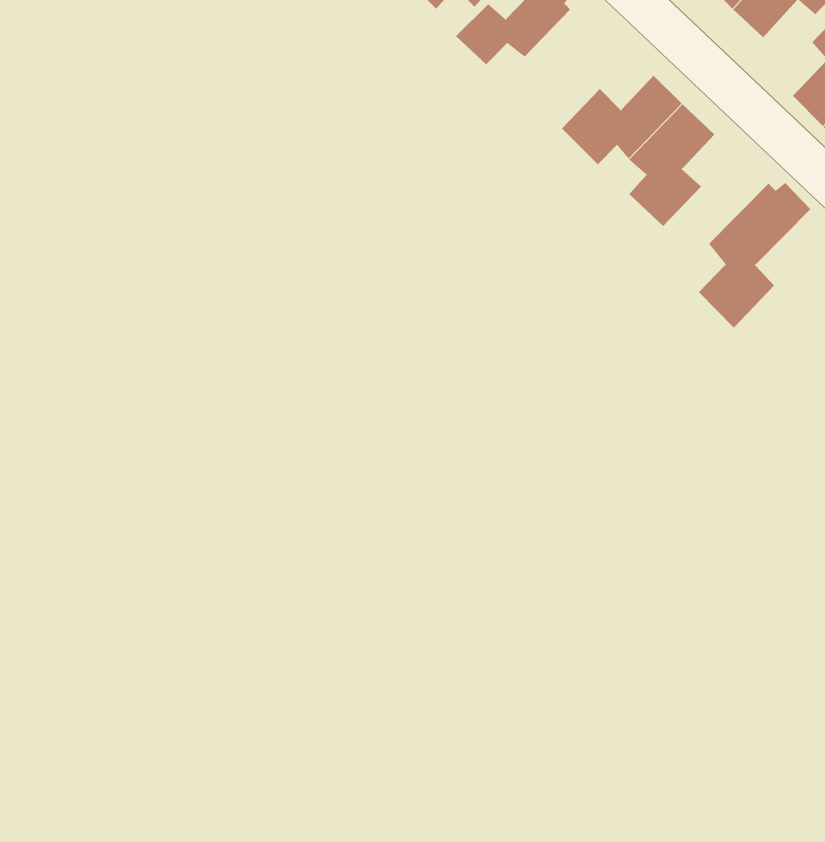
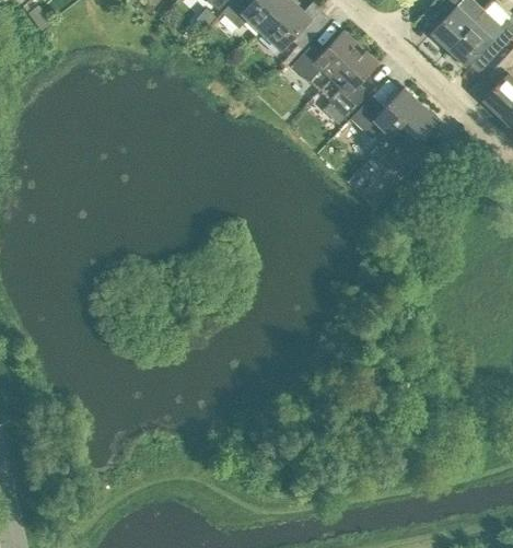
building: none -> [328,50,378,117]
building: [698,182,811,329] -> none

